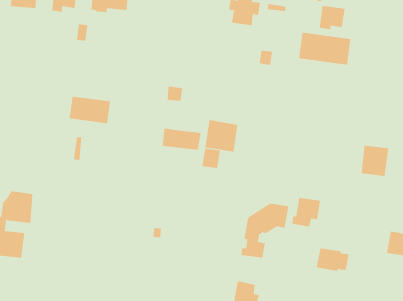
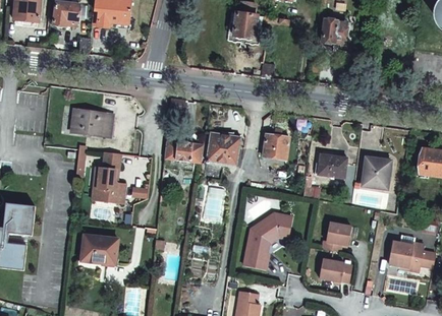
building: [299,32,351,65] -> none
building: none -> [263,133,288,159]
building: none -> [91,151,126,202]
building: none -> [315,153,346,177]
building: [291,198,321,227] -> [321,223,350,252]
building: none -> [77,233,118,268]

